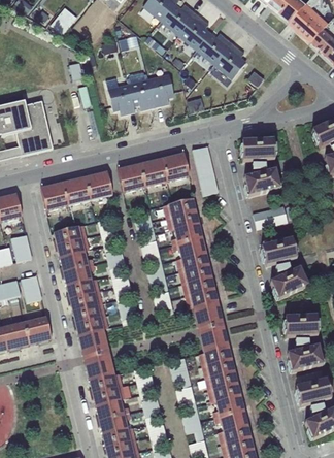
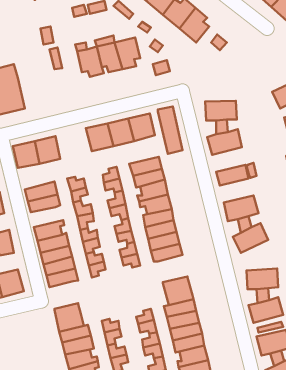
building: [86,171,113,200] -> none
building: [60,251,94,271] -> none
building: [193,300,224,329] -> none
building: [79,328,109,357] -> none

